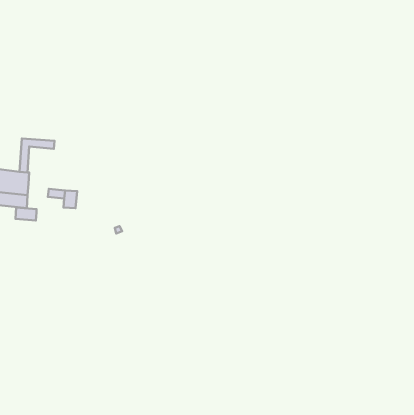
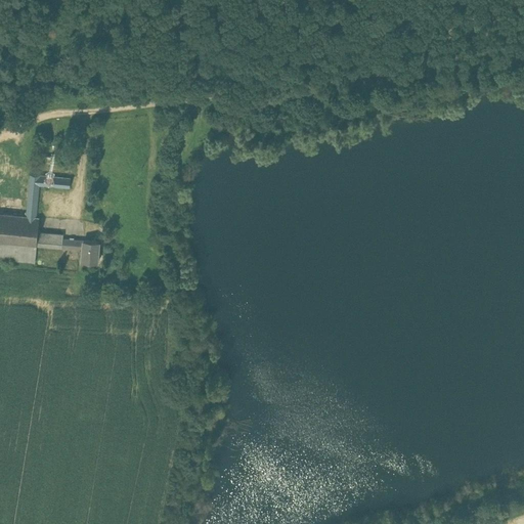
building: [15,207,37,220] -> [35,232,61,249]

